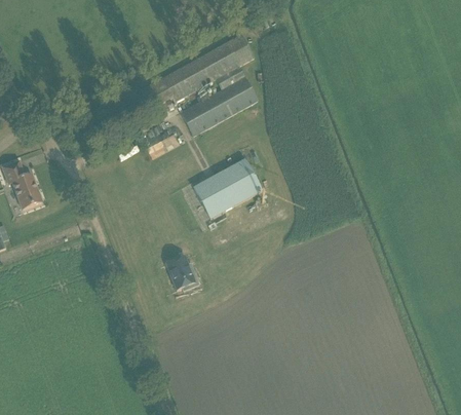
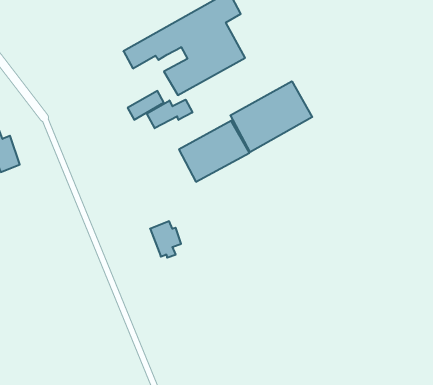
building: none -> [230,81,312,152]
building: none -> [147,100,192,128]

